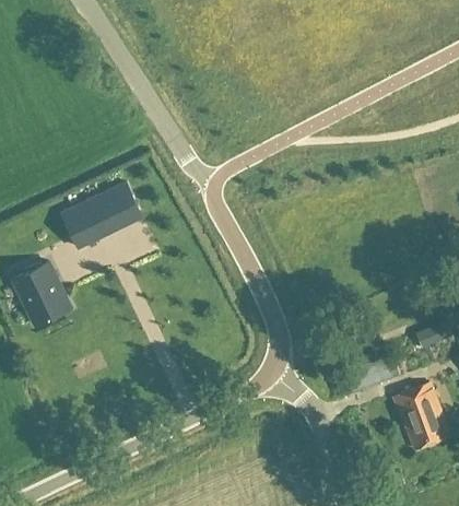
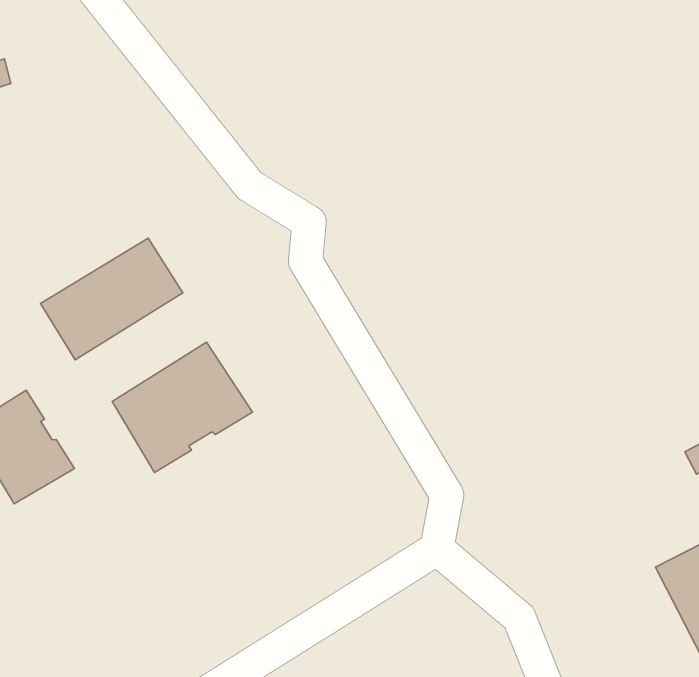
building: none -> [112,342,252,472]

